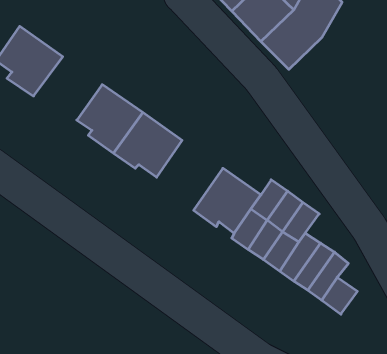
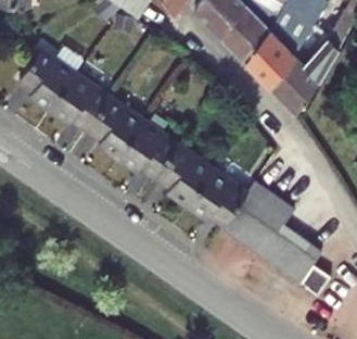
building: none -> [271,38,343,114]
building: none -> [53,75,112,129]
building: none -> [158,147,215,206]

